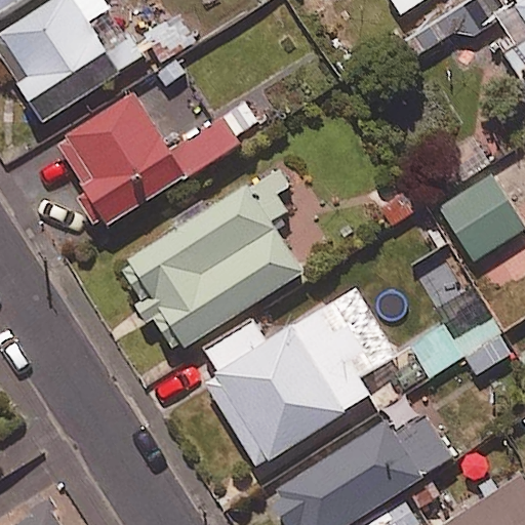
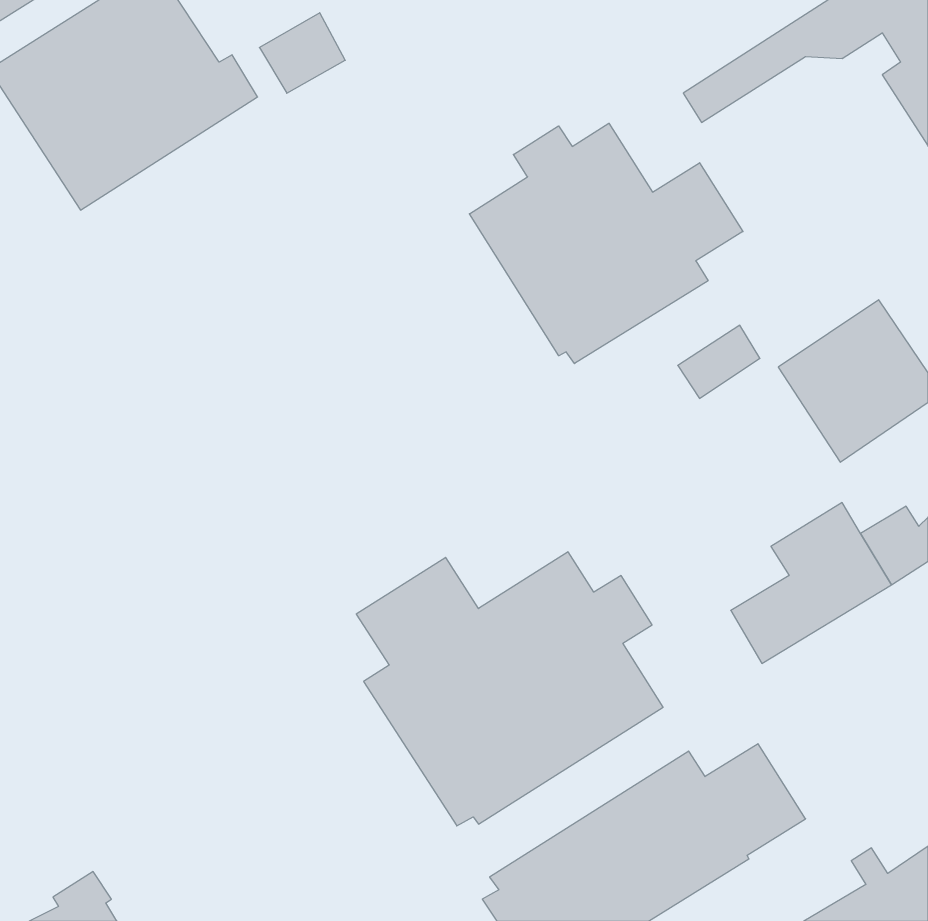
building: none -> [469,123,743,364]
building: [54,92,258,230] -> none
building: [122,166,305,349] -> none

